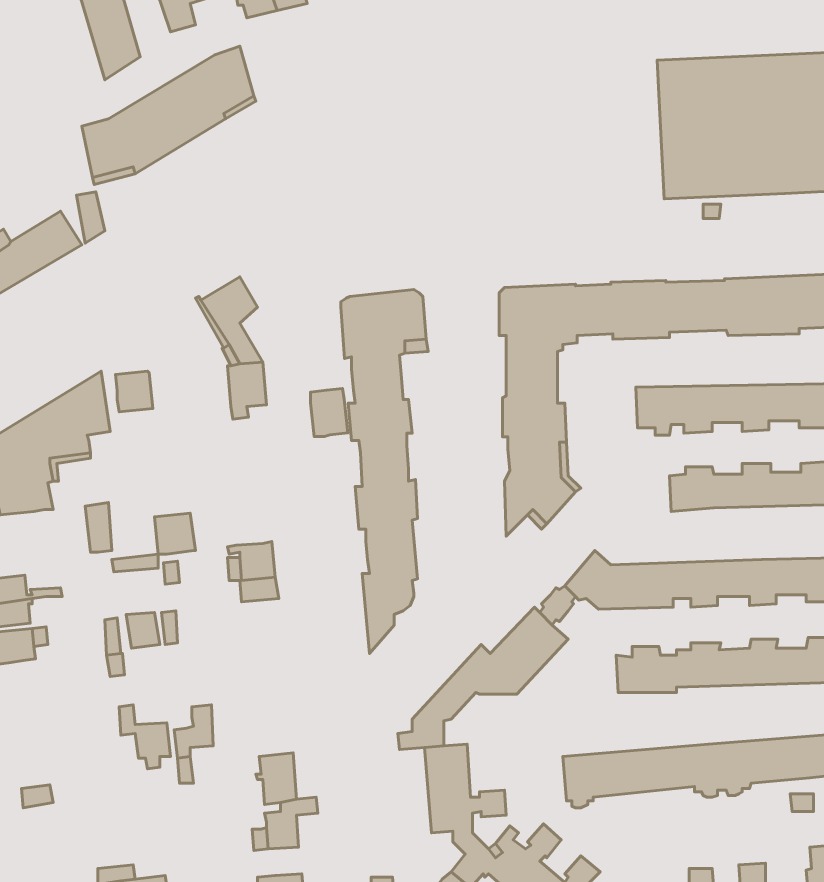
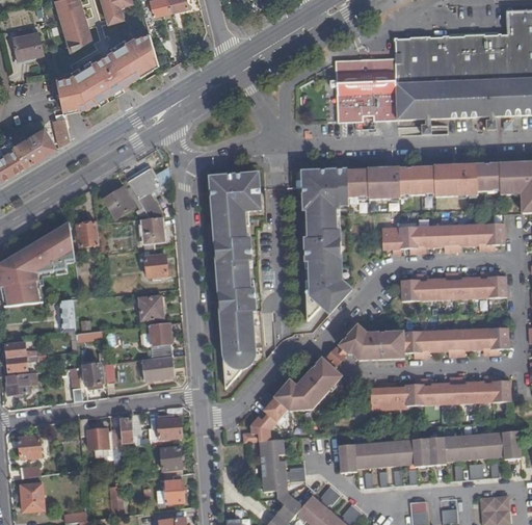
building: none -> [14,31,44,57]
building: none -> [336,58,398,122]
building: none -> [103,185,134,216]
building: [310,389,348,436] -> [145,246,167,274]
building: [155,513,195,554] -> [140,294,164,318]
building: none -> [141,353,175,377]
building: none -> [158,413,183,437]
building: none -> [19,435,42,456]
building: none -> [21,480,45,508]

